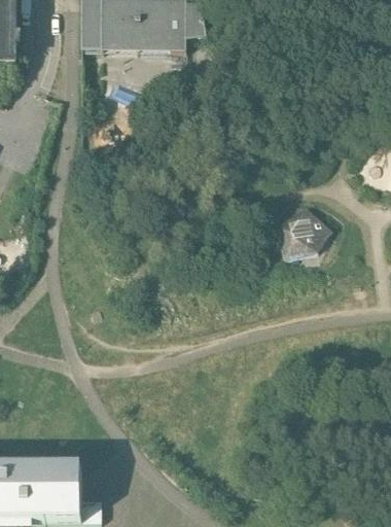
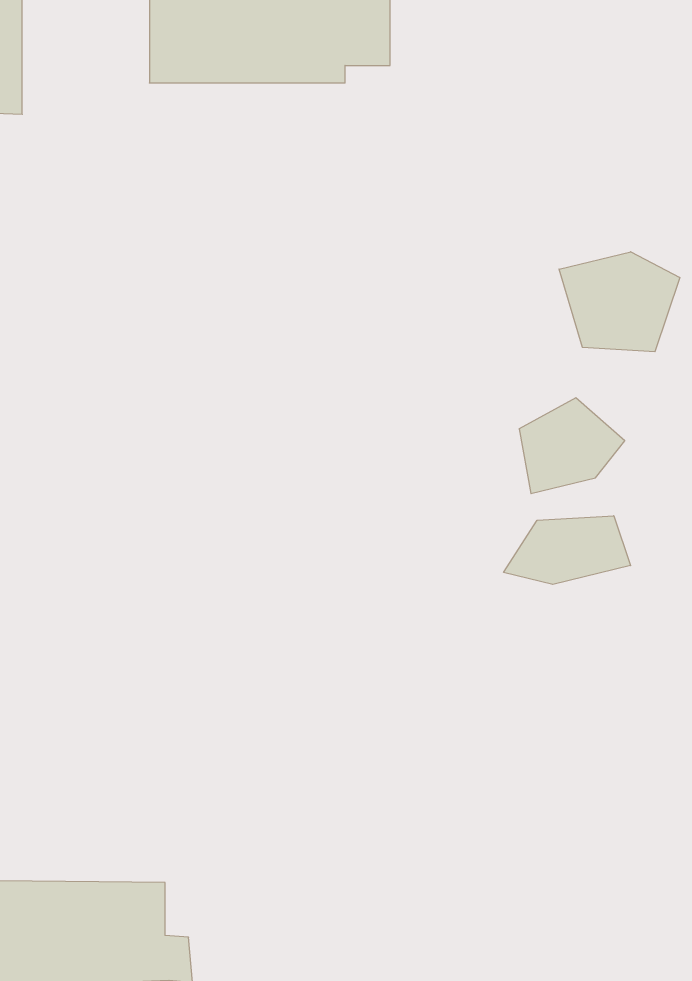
building: none -> [559,252,680,352]
building: none -> [504,516,631,584]

